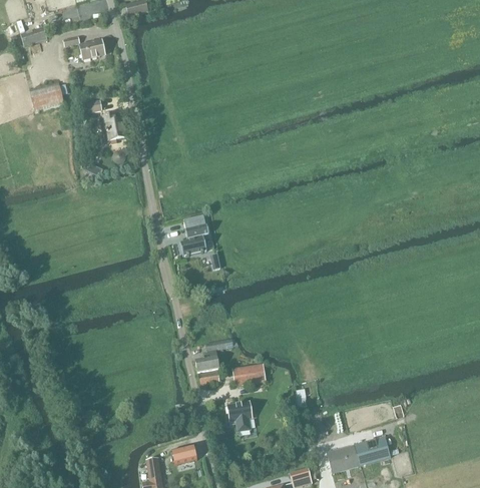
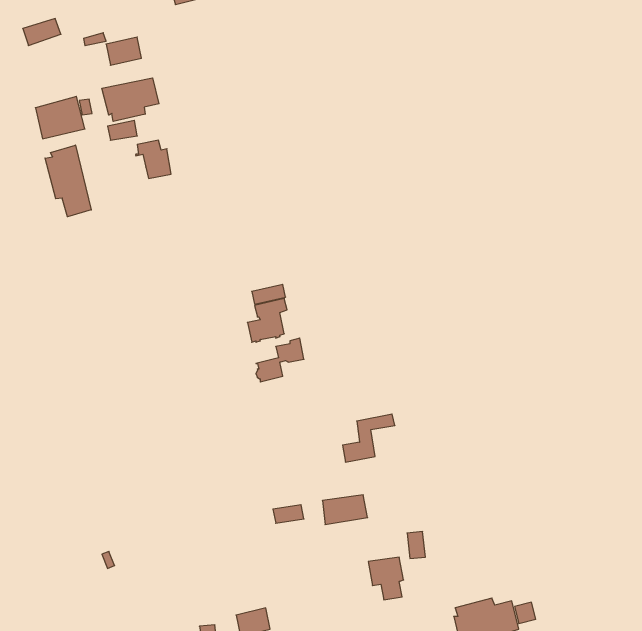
building: none -> [102,78,159,121]
building: none -> [45,145,91,217]
building: [196,339,233,373] -> [343,414,395,462]
building: [227,402,253,432] -> [368,557,404,600]

